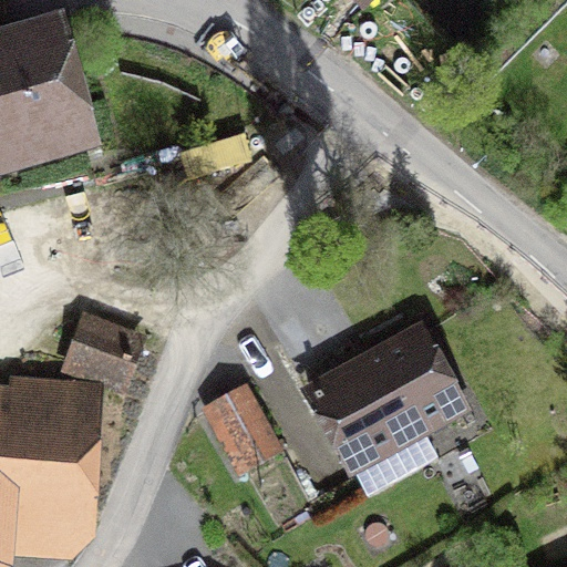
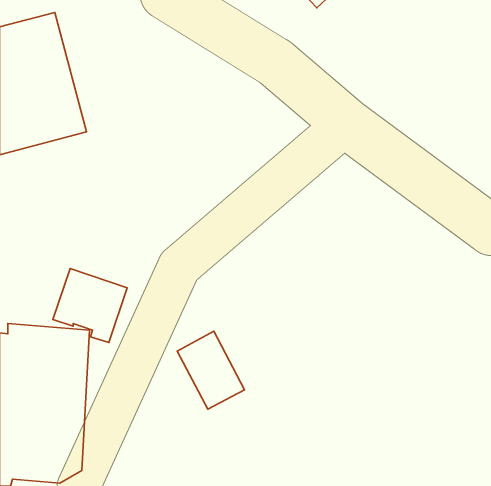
building: [299,320,470,491] -> none

